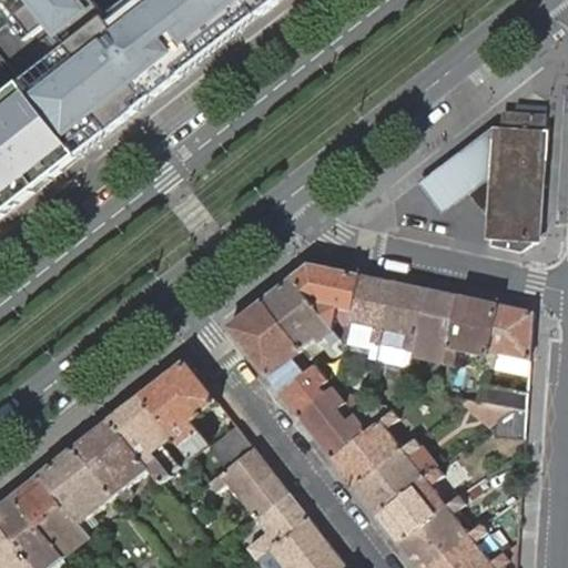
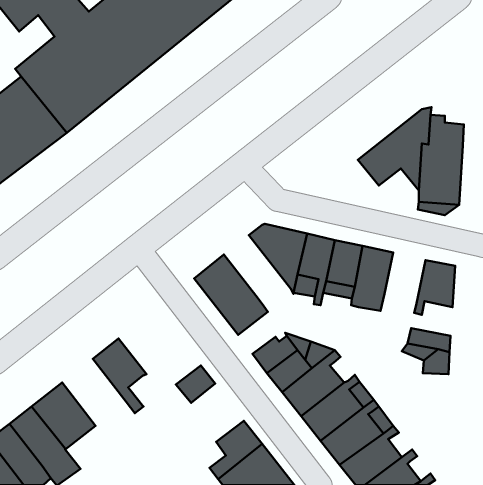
building: [499,109,540,144] -> none
building: [260,273,337,346] -> none
building: [442,293,494,365] -> none
building: [138,357,213,455] -> none
building: [276,362,324,410] -> none
building: [72,416,146,494] -> none
building: [205,445,283,513] -> none

